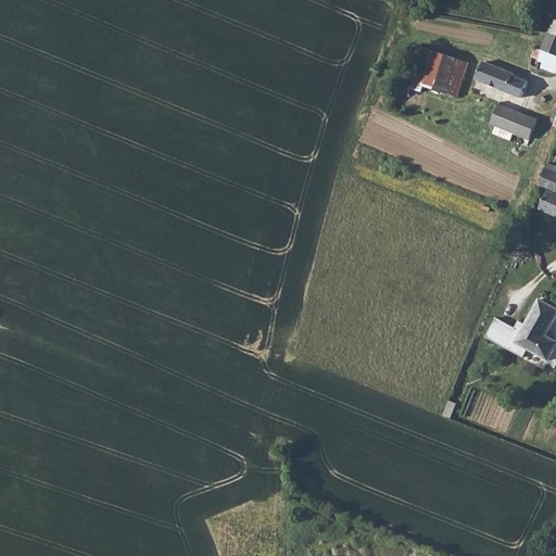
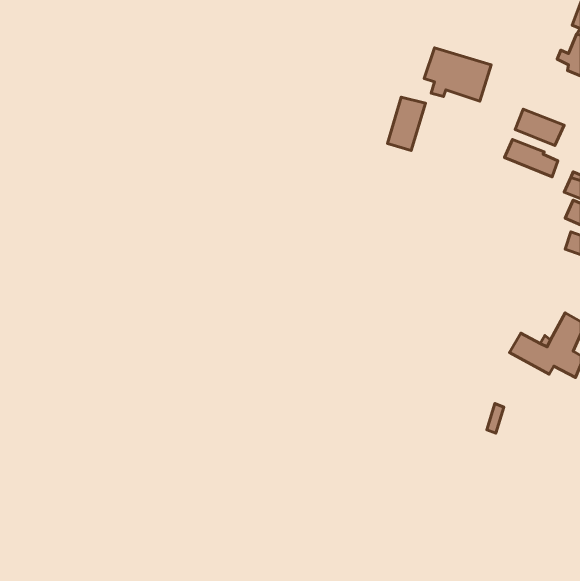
building: [478,62,529,98] -> [504,139,558,177]
building: none -> [388,97,425,151]

